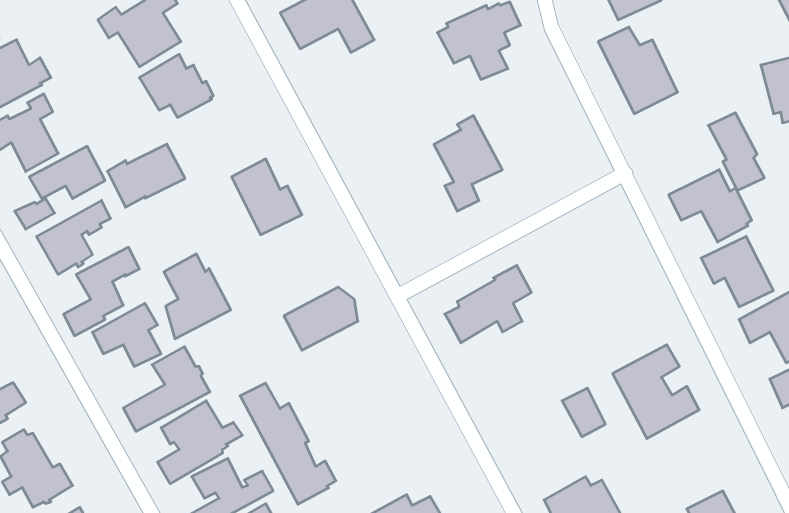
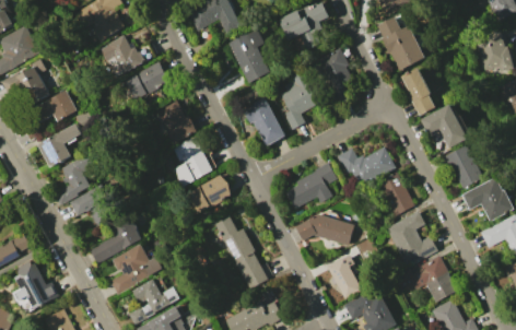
building: none -> [228,28,271,82]
building: none -> [320,48,352,86]
building: [708,113,764,190] -> [402,68,436,115]
building: [107,144,185,207] -> [124,61,171,99]
building: none -> [242,96,285,145]
building: none -> [336,146,396,187]
building: [164,254,231,339] -> [173,137,213,188]
building: none -> [380,173,415,217]
building: none -> [295,213,354,245]
building: [240,383,336,504] -> [214,215,272,288]
building: none -> [328,255,363,298]
building: none -> [409,255,459,302]

